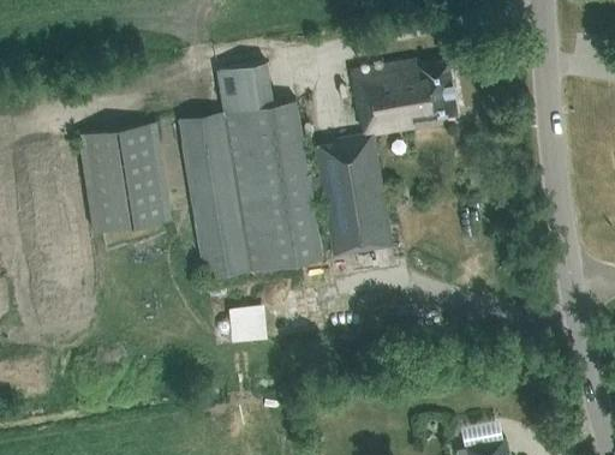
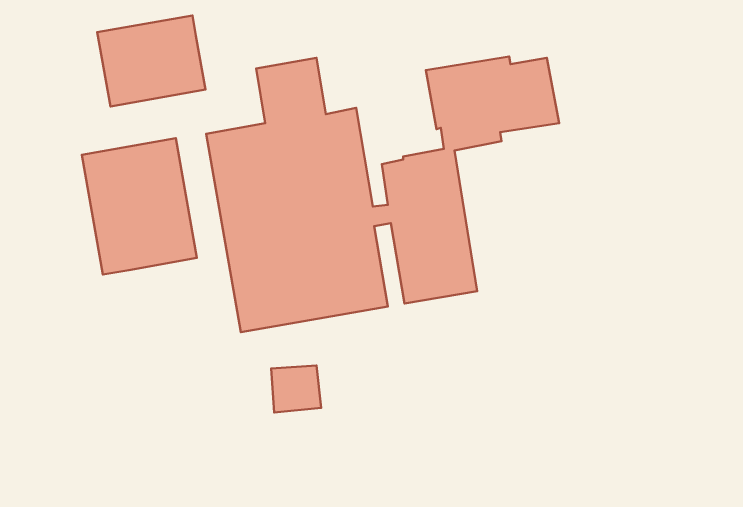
building: none -> [97,15,205,106]

